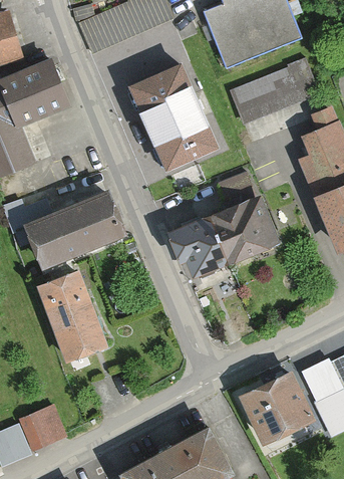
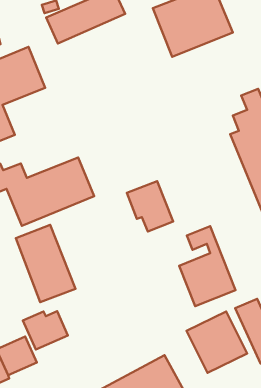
building: [228,60,311,123] -> none
building: [126,62,225,175] -> none
building: [209,170,276,265] -> [179,226,236,306]
building: none -> [23,311,68,350]

